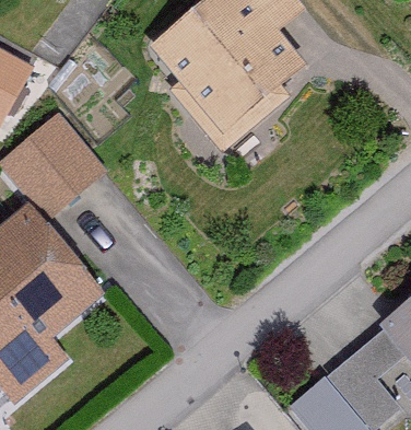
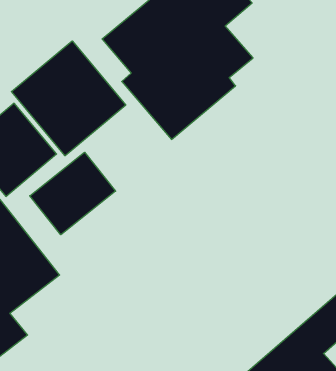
building: none -> [11,41,126,156]
building: none -> [30,152,116,235]

